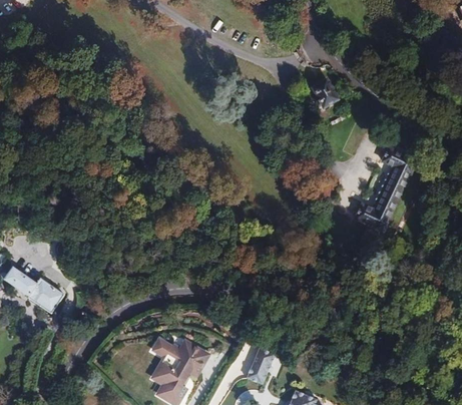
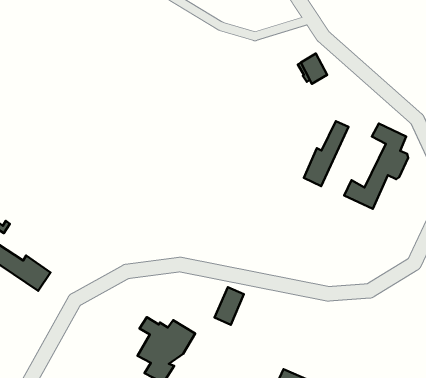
building: none -> [304,121,349,186]
building: [244,346,273,383] -> [215,287,244,325]

